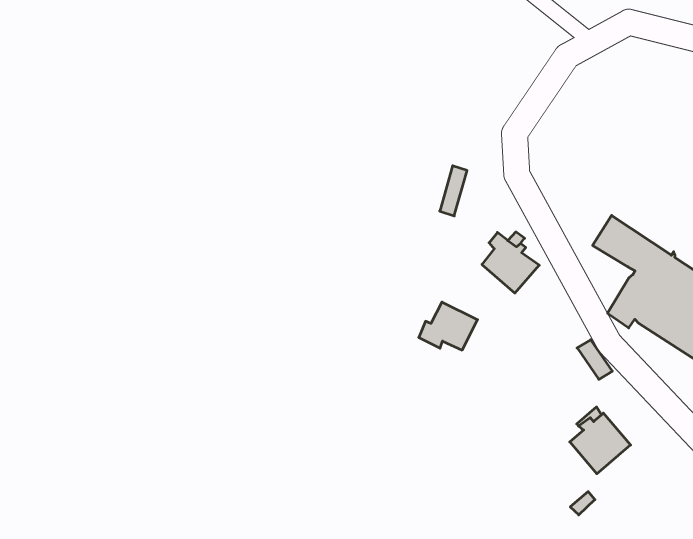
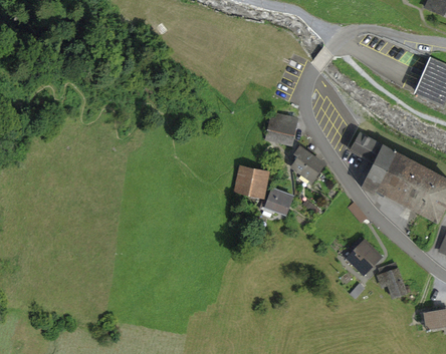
building: none -> [275,115,297,144]
building: none -> [235,165,268,196]
building: none -> [379,263,406,297]

